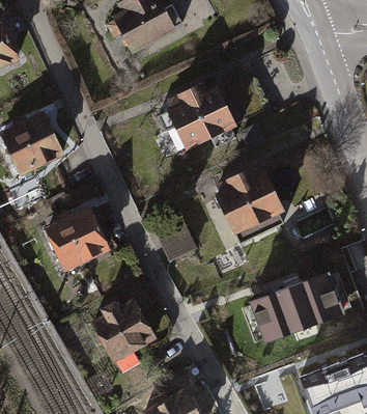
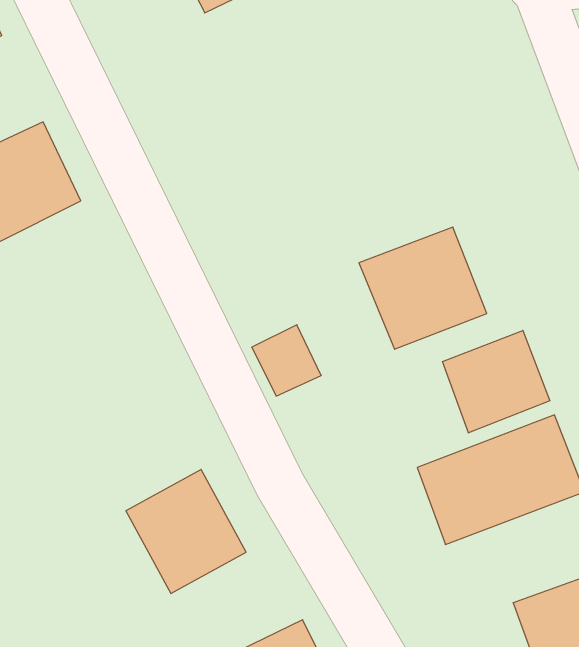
building: [168,83,239,149] -> none
building: [46,205,113,270] -> none
building: none -> [443,330,550,433]

